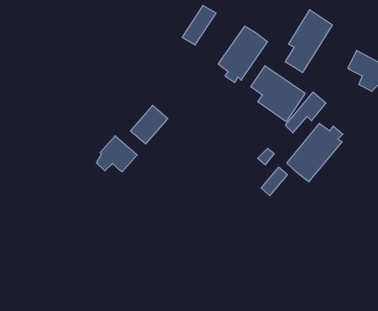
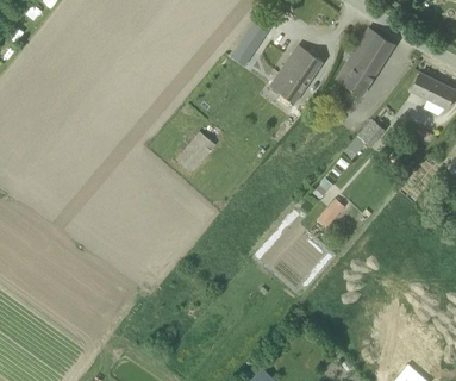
building: [251,66,305,122] -> none
building: [287,123,343,182] -> none
building: [96,136,137,172] -> none

